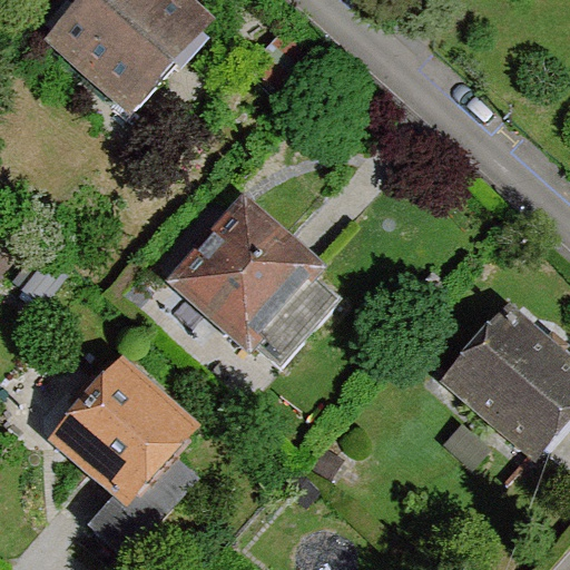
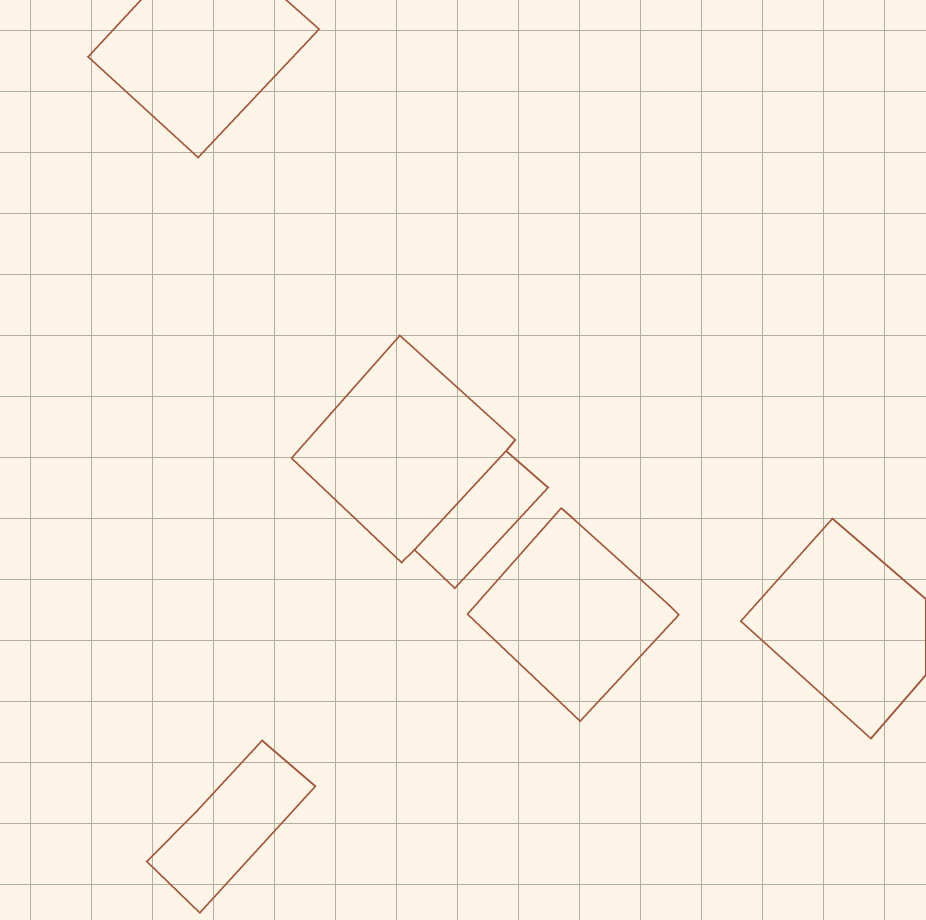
building: none -> [468,508,679,721]
building: [55,367,183,493] -> none

